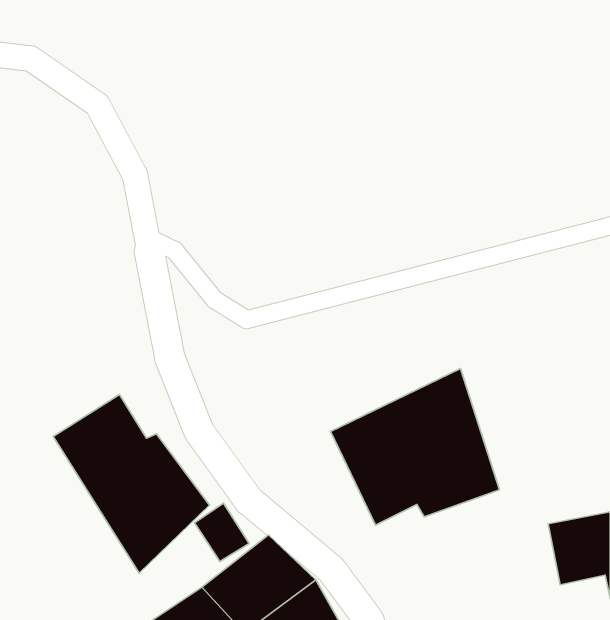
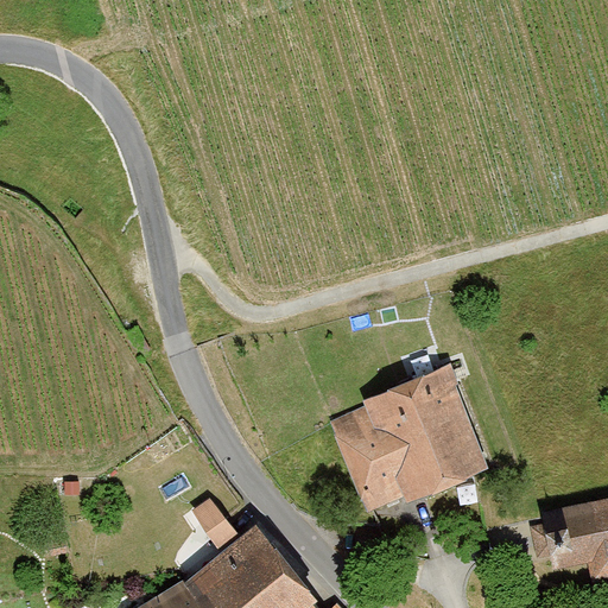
building: [53,394,210,573] -> none

